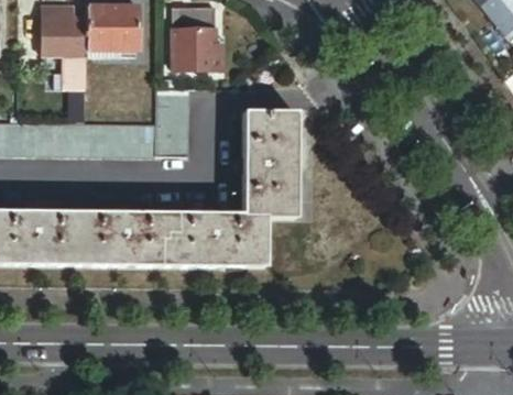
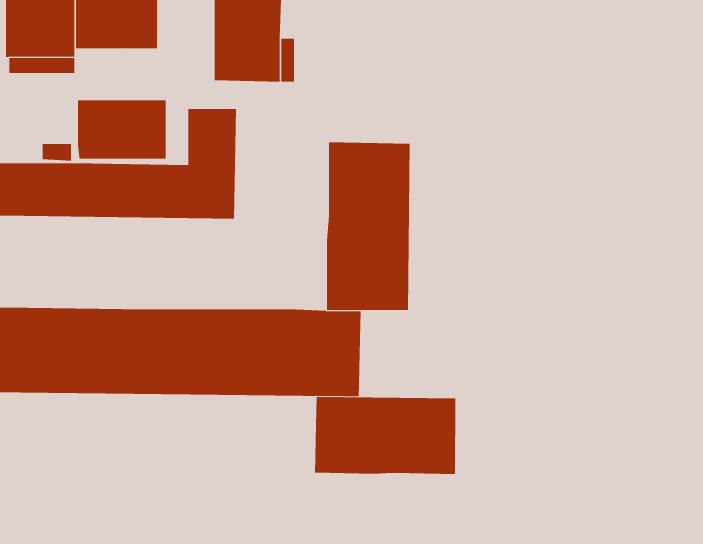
building: none -> [77,99,166,160]
building: none -> [314,396,456,475]

